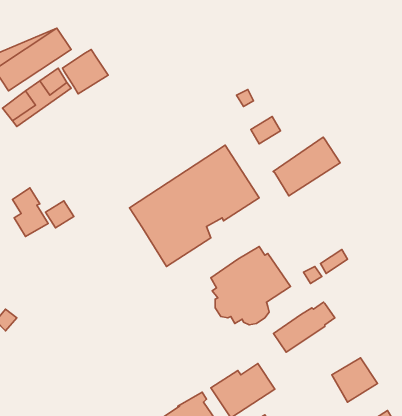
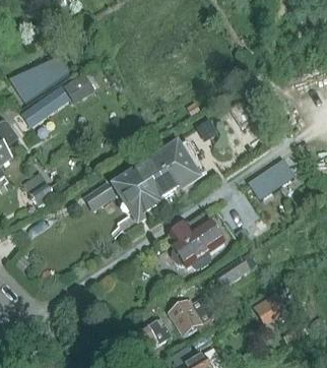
building: [273,137,340,196] -> [247,154,295,195]
building: none -> [83,180,117,210]

